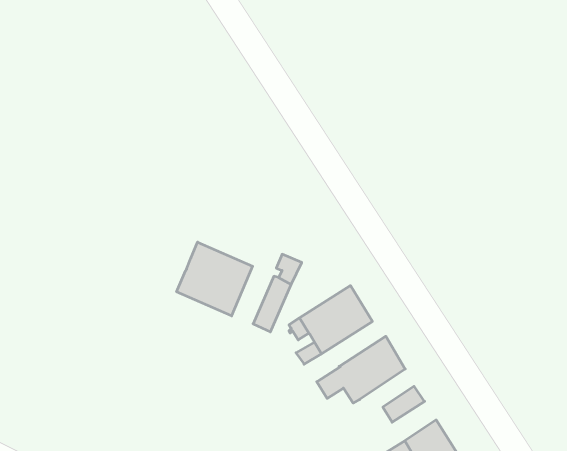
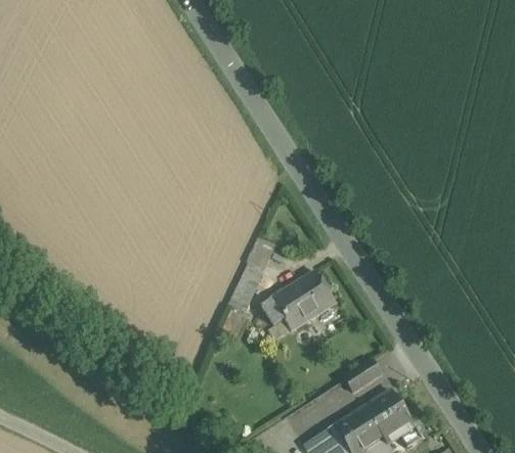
building: [177,242,253,316] -> none
building: [317,336,405,403] -> none

